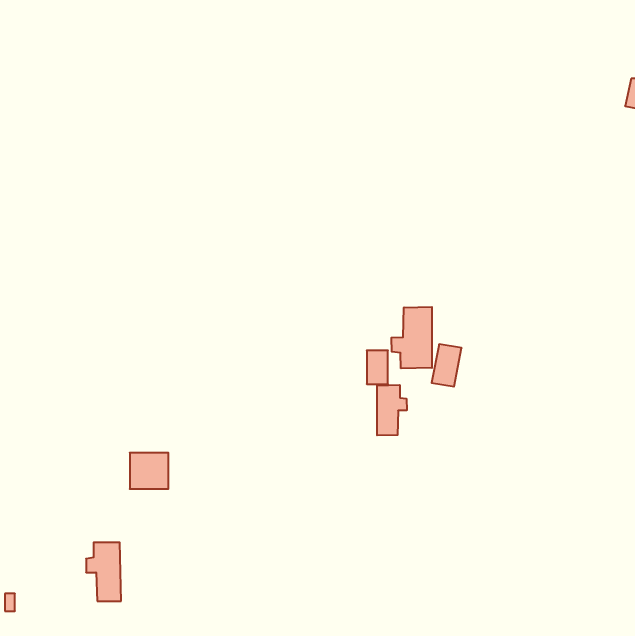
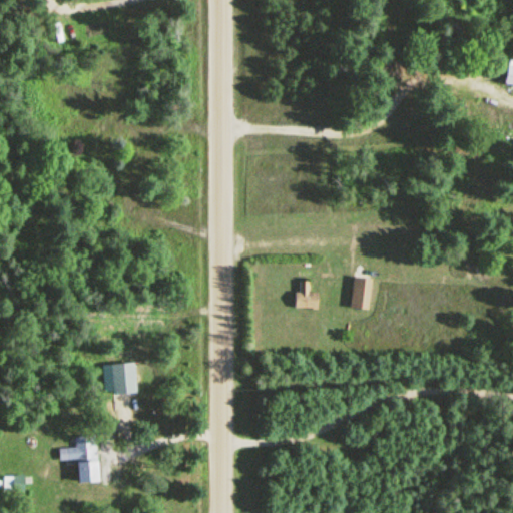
building: [391,307,432,368] -> none
building: [377,385,407,435] -> none

